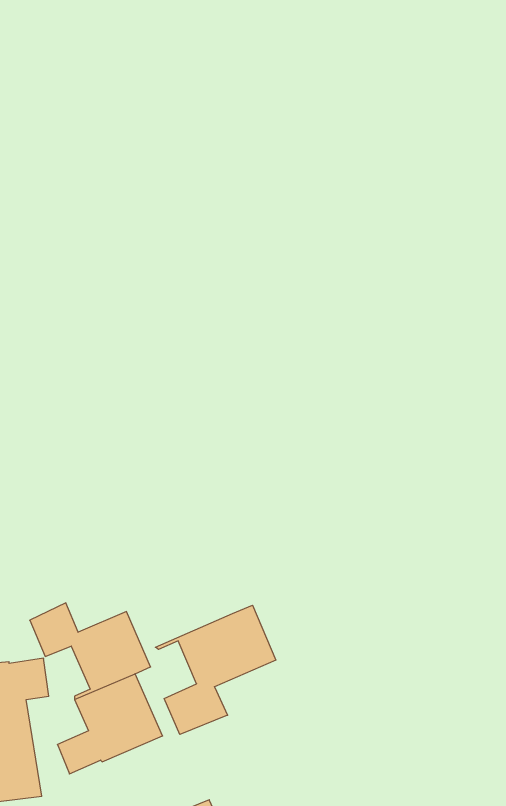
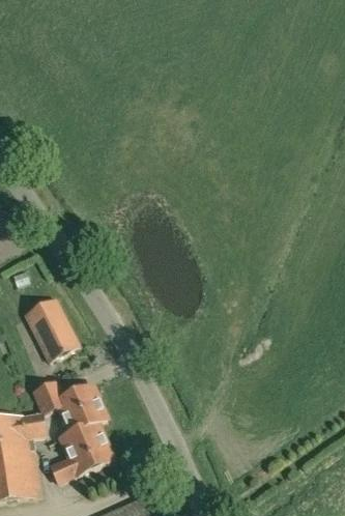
building: none -> [24,296,80,361]
building: [155,605,276,734] -> none

